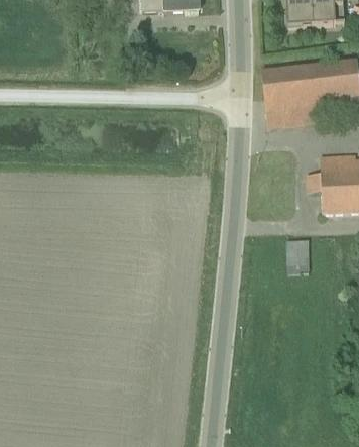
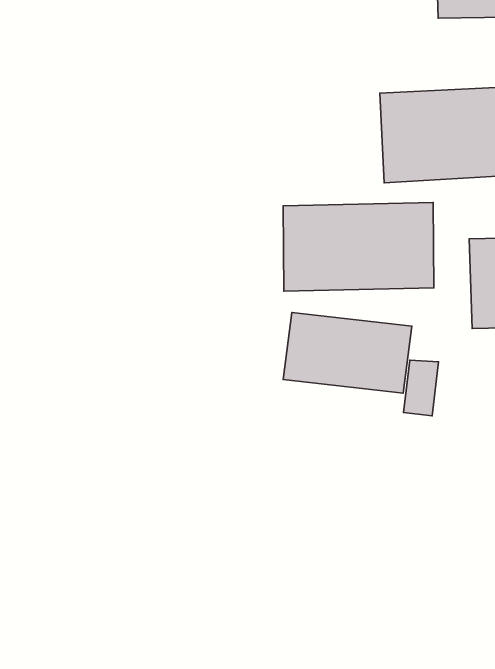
building: none -> [283,203,434,291]
building: none -> [283,312,412,393]

